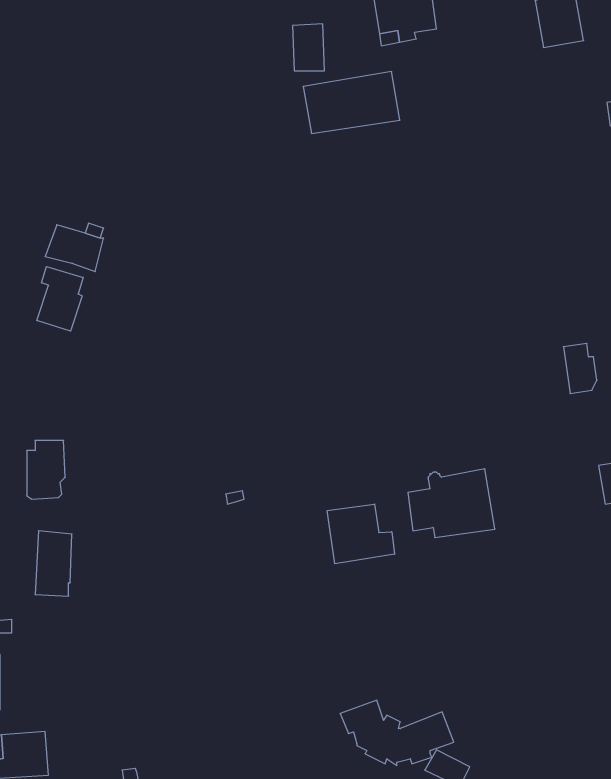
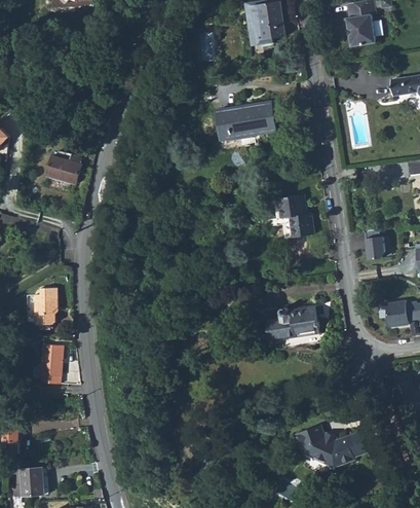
building: [303,72,400,133] -> [216,101,275,139]
building: [37,267,83,331] -> none
building: none -> [277,193,313,238]
building: [327,504,395,564] -> none
building: [340,700,454,765] -> [297,424,367,464]

